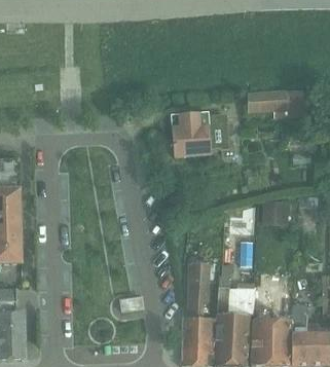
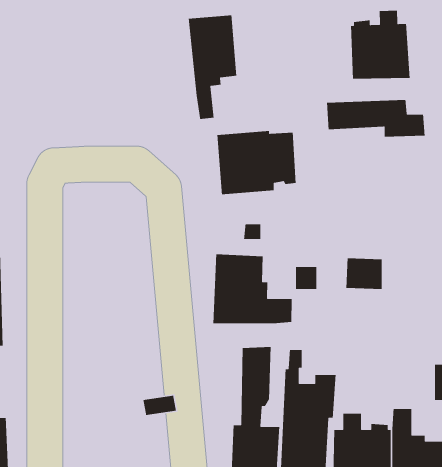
building: none -> [350,10,410,79]
building: none -> [188,14,237,120]
building: none -> [213,254,293,324]

